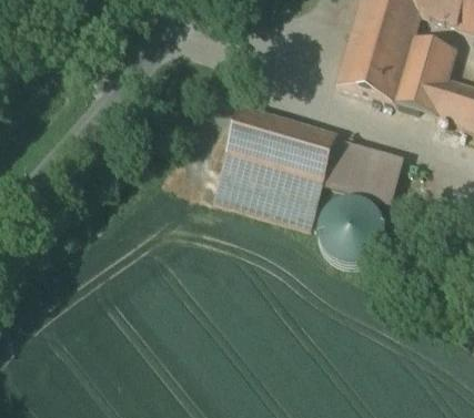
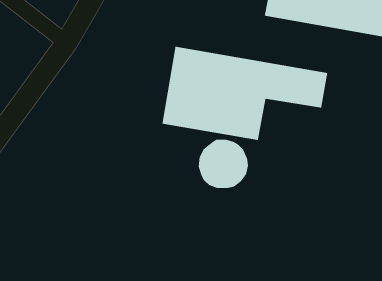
building: [323,201,382,259] -> [198,139,249,189]

